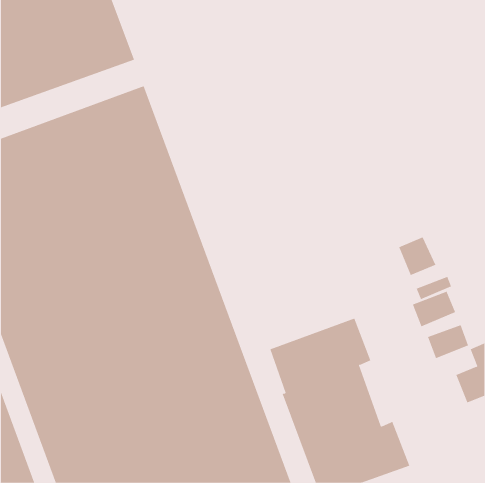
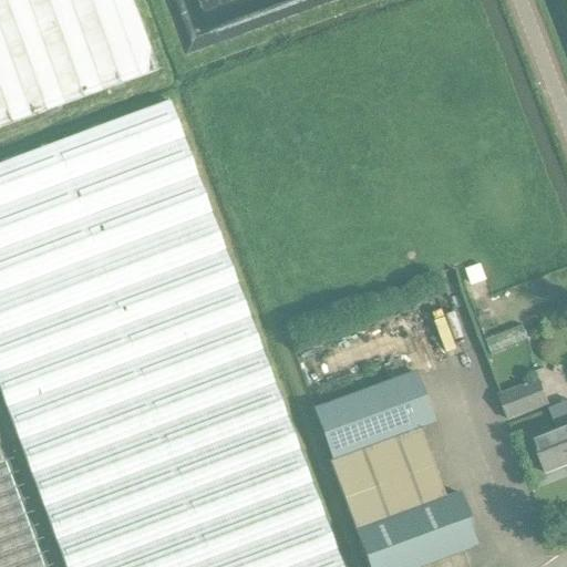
building: [399,236,436,276] -> none
building: [412,291,456,327] -> none

